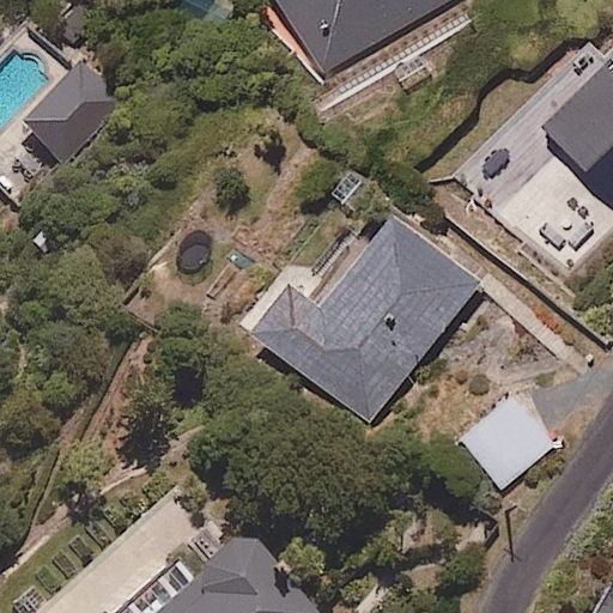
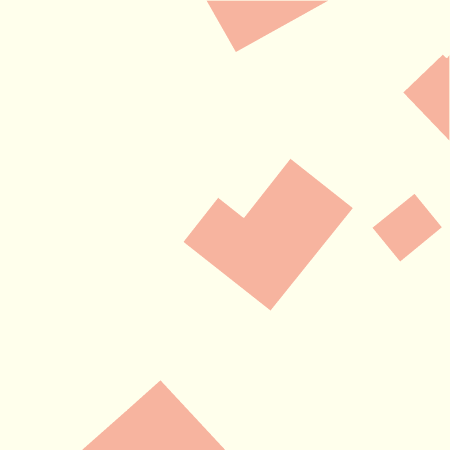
building: [23,60,126,160] -> none
building: [459,397,556,492] -> [372,193,443,262]

